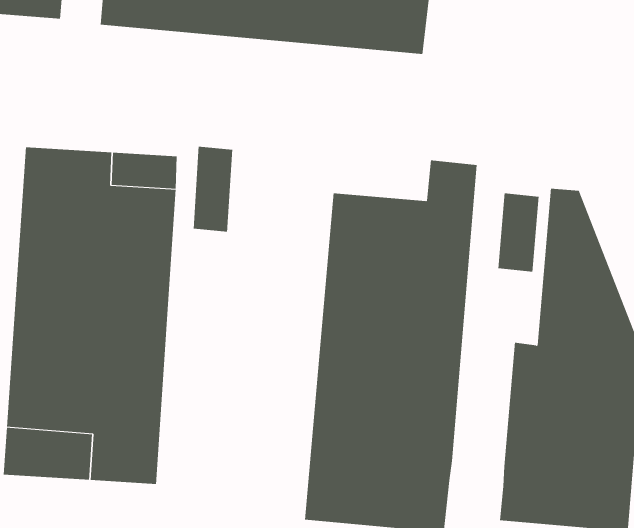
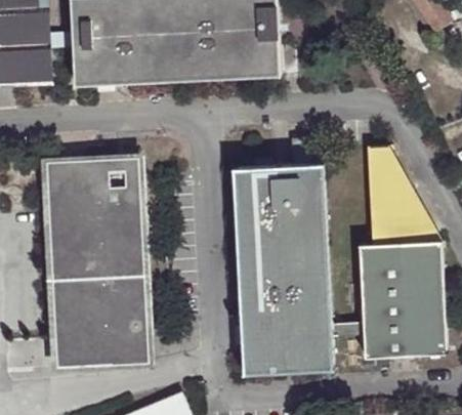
building: [193,146,233,232] -> none
building: [498,192,539,273] -> none

